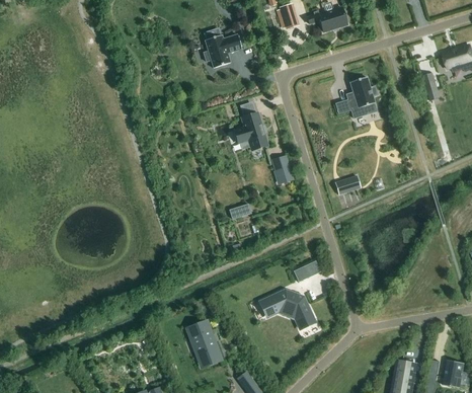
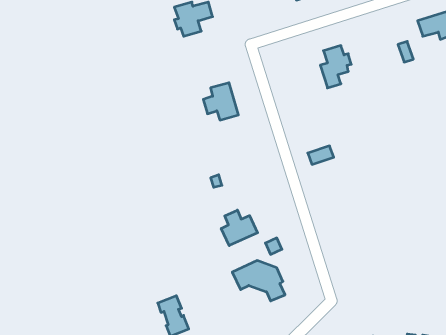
building: [271,155,293,184] -> none
building: none -> [221,210,258,246]

